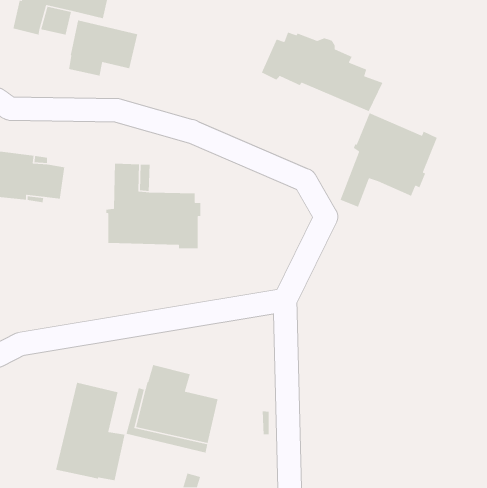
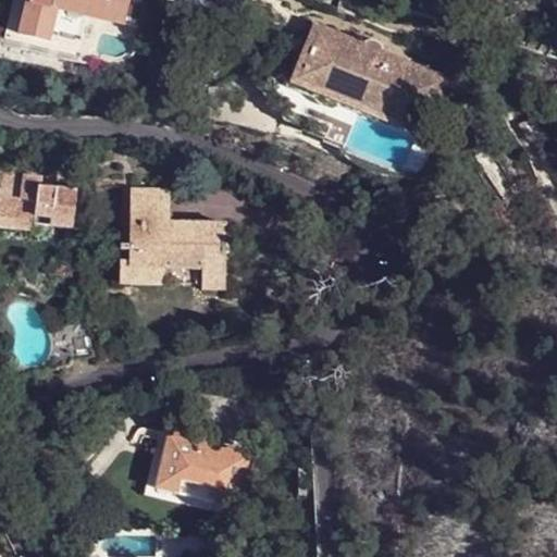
building: [68,19,138,77] -> none
building: [339,112,438,208] -> none
building: [55,382,126,481] -> none

